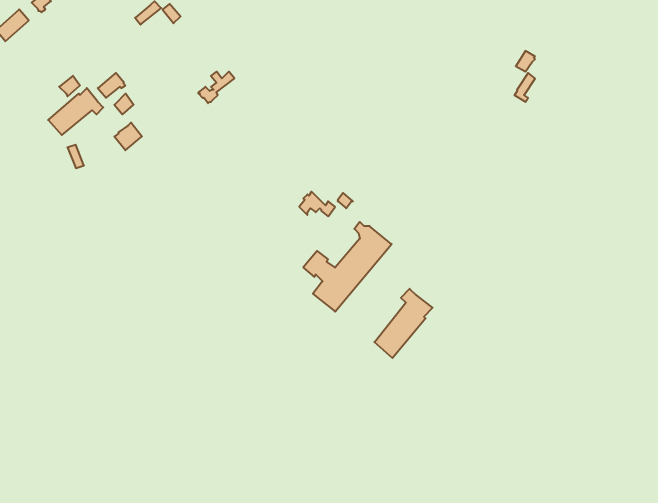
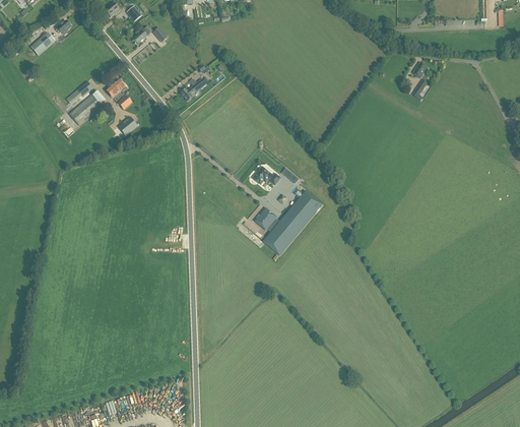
building: [374,289,433,358] -> none

